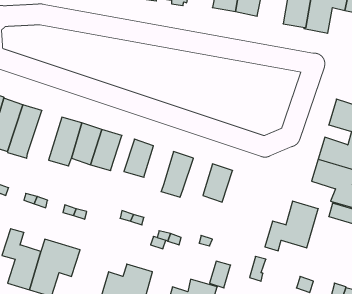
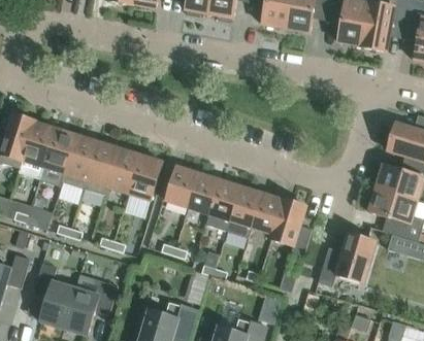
building: none -> [61,135,98,189]
building: none -> [187,173,219,214]
building: none -> [226,186,261,236]
building: none -> [270,199,312,257]

